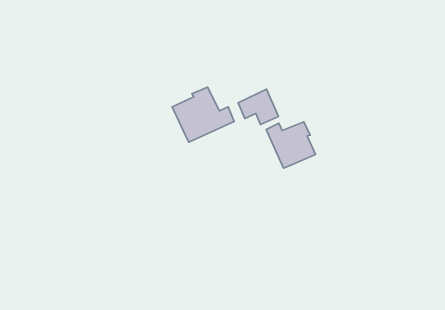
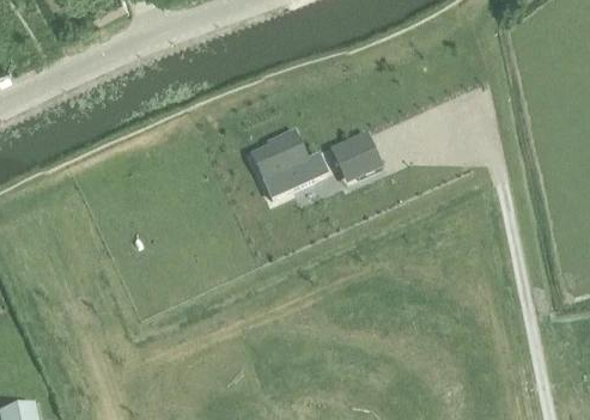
building: [266,122,315,168] -> none

